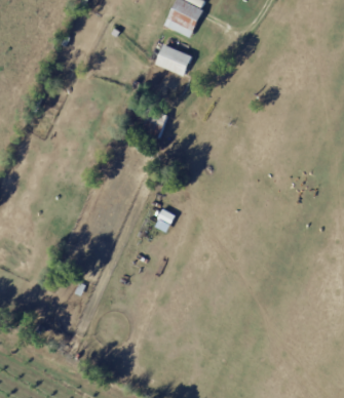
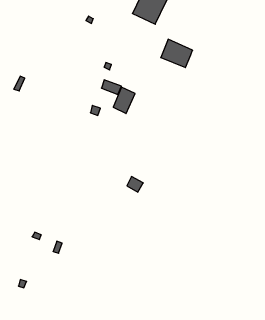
building: [155,43,191,75] -> [161,39,193,68]

